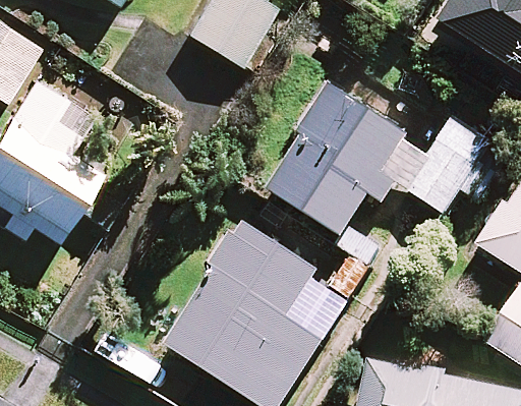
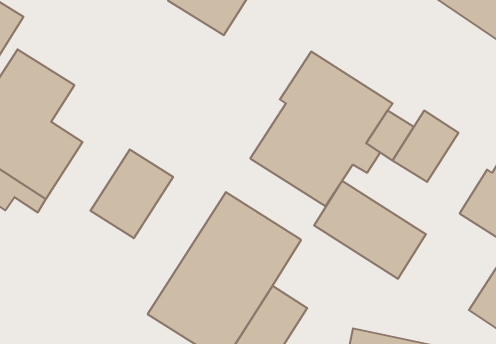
building: none -> [90,149,173,238]
building: none -> [314,181,426,279]

